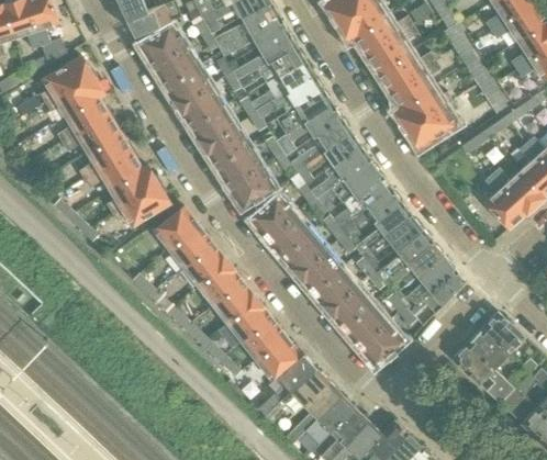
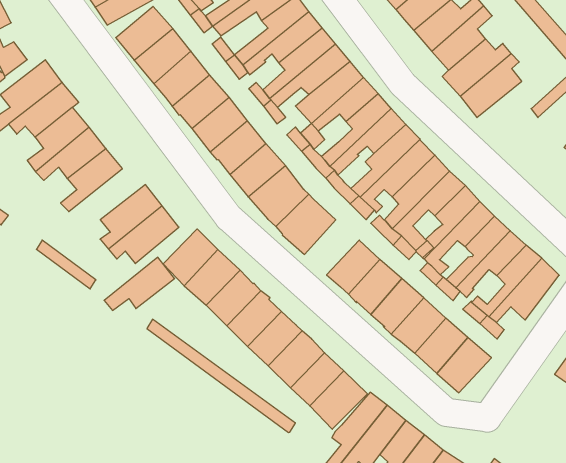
building: [83,150,142,189] -> [104,257,175,310]
building: [266,214,311,257] -> none

